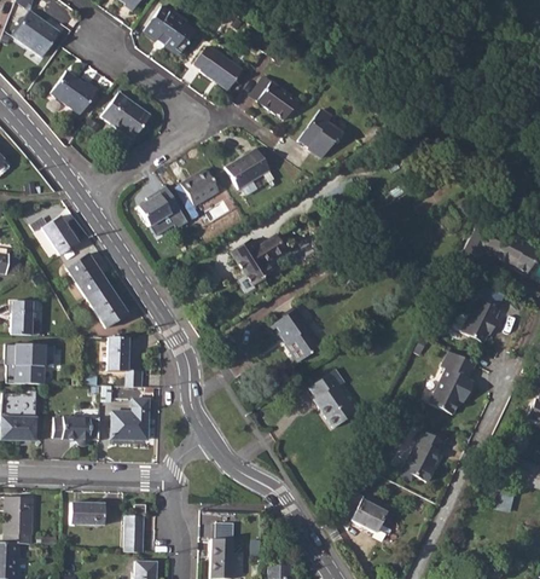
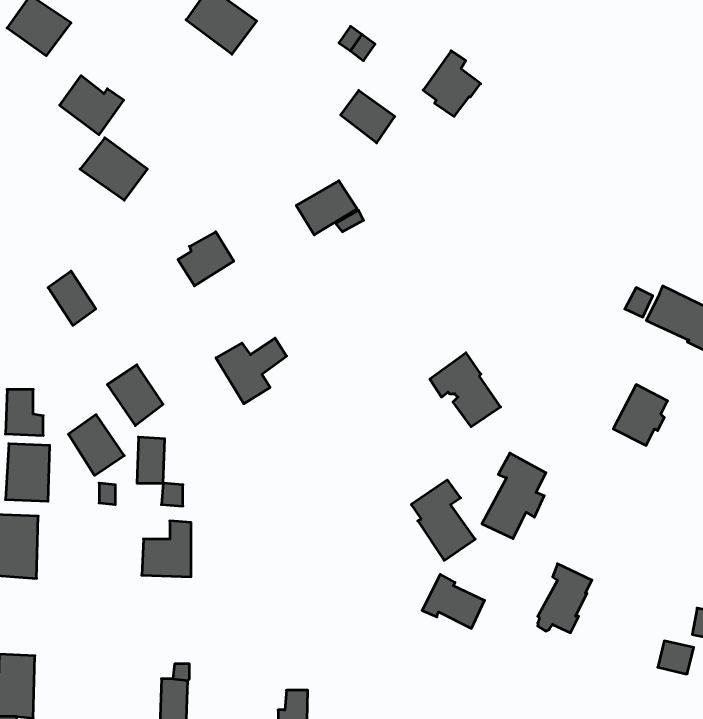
building: [194,46,244,88] -> none
building: [101,93,151,139] -> [80,138,147,200]
building: [301,110,343,158] -> [423,51,481,116]
building: [182,169,220,205] -> none
building: [233,236,285,284] -> [216,338,287,404]
building: [68,254,109,299] -> [68,415,124,475]
building: [271,307,323,361] -> [430,353,501,427]
building: [429,351,476,413] -> [482,453,546,539]
building: [54,417,92,446] -> none
building: [341,492,387,532] -> [422,574,485,628]
building: [71,503,106,526] -> none

